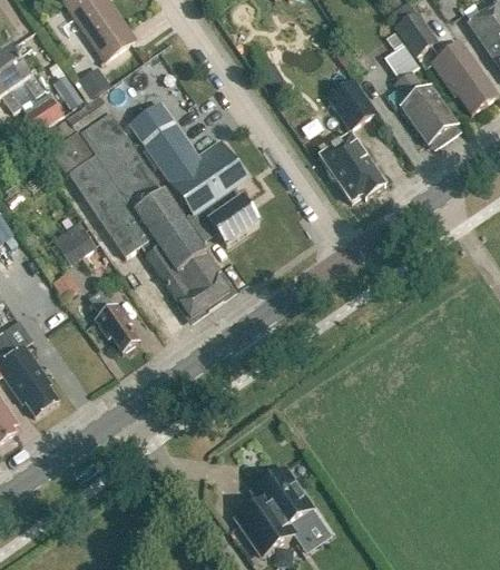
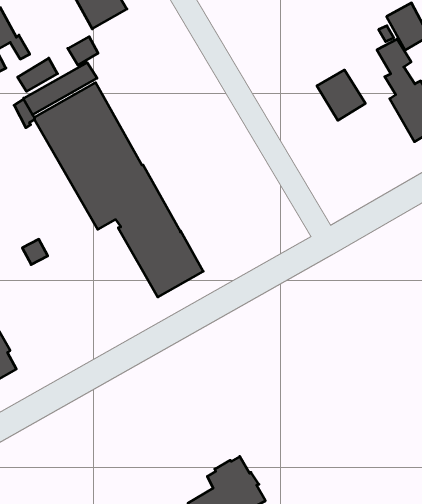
building: [131,101,259,245] -> none
building: [318,132,385,202] -> none
building: [55,226,95,264] -> none
building: [91,288,139,352] -> none

